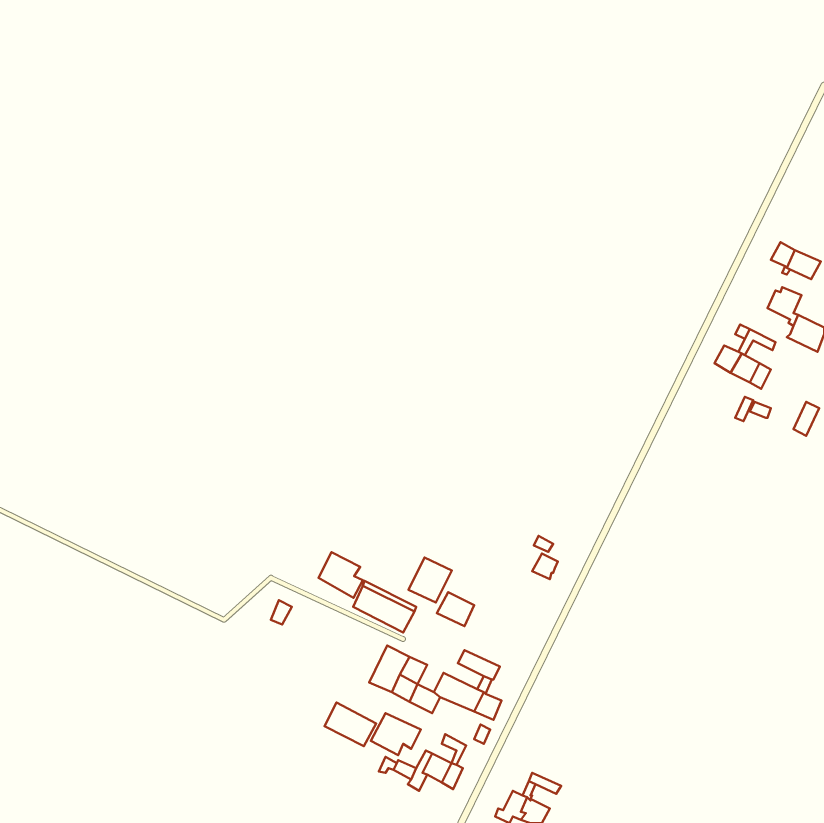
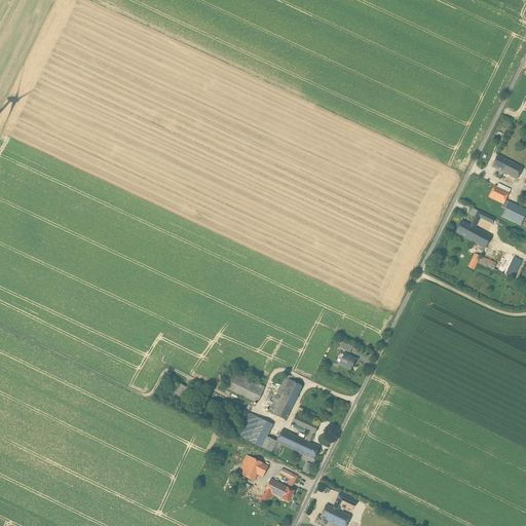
building: [319,552,363,598] -> none
building: [408,557,452,603] -> [268,390,296,419]
building: [324,702,376,746] -> none

